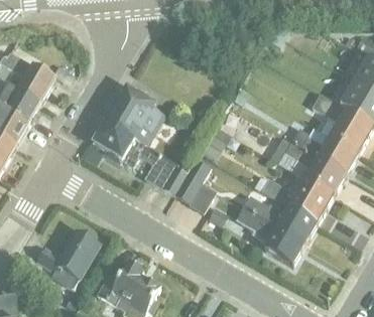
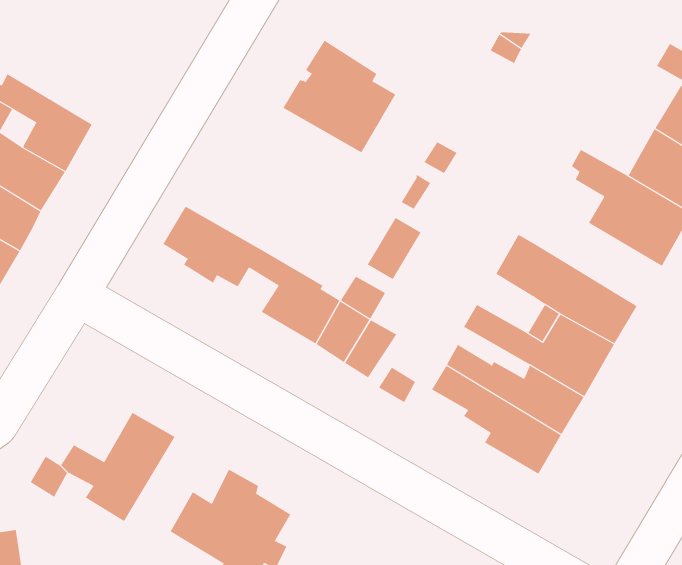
building: [103,86,163,146] -> [282,40,396,153]
building: [289,128,357,175] -> none

